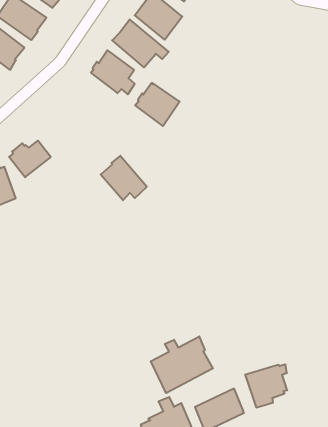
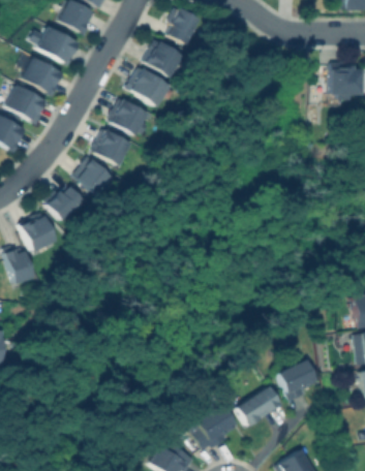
building: [135,83,180,126] -> [91,129,130,166]
building: [101,156,147,200] -> [72,156,115,195]
building: [151,336,213,393] -> none

